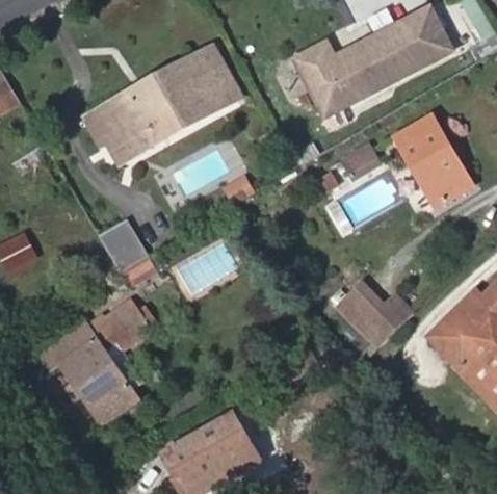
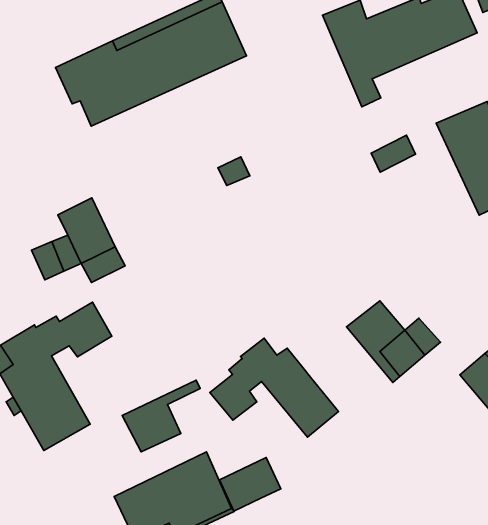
building: none -> [210,338,338,437]
building: none -> [122,380,200,452]
building: none -> [219,457,281,511]

